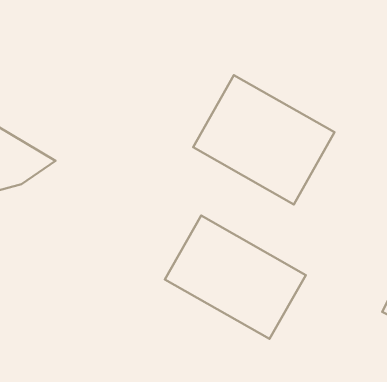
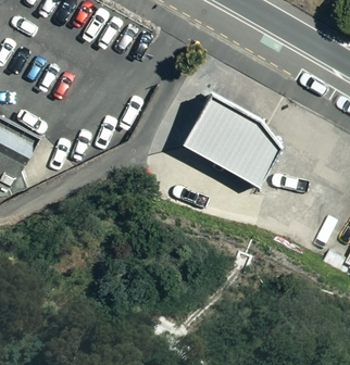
building: [165,216,306,339] -> none

